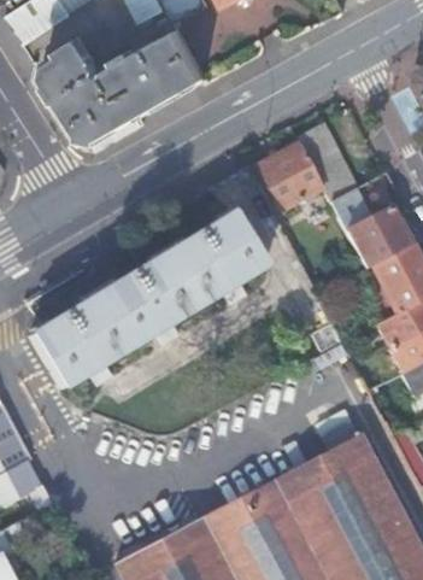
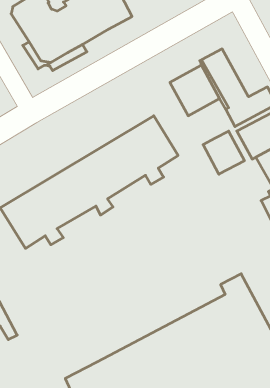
building: none -> [203,131,244,174]

